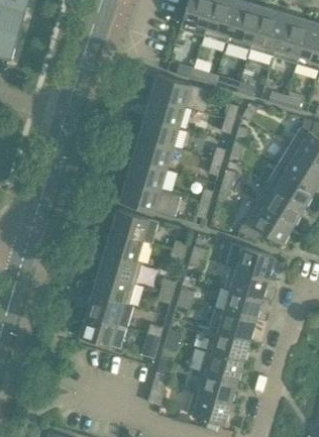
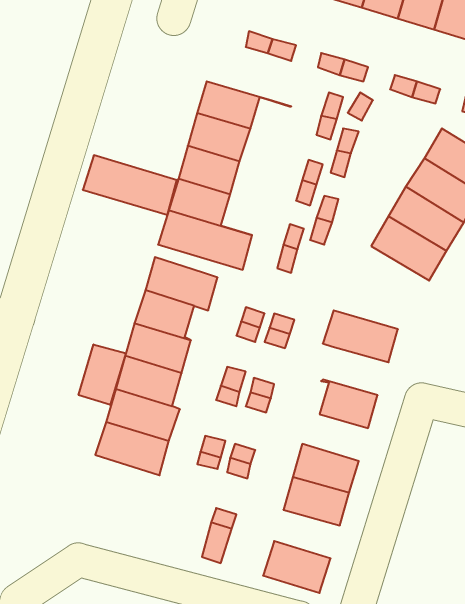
building: [150,75,211,113] -> [83,155,177,215]
building: [238,203,294,244] -> none
building: none -> [79,344,126,405]
building: [225,267,268,299] -> none
building: [208,308,254,341] -> none
building: [194,372,236,404] -> none

